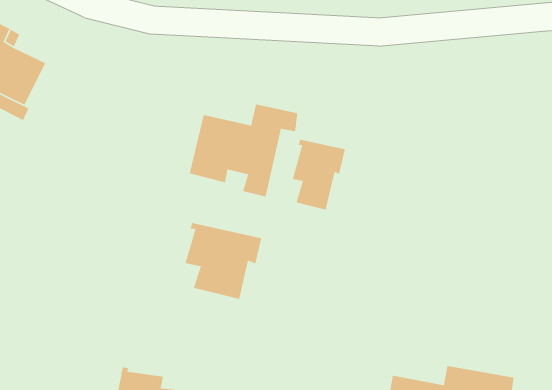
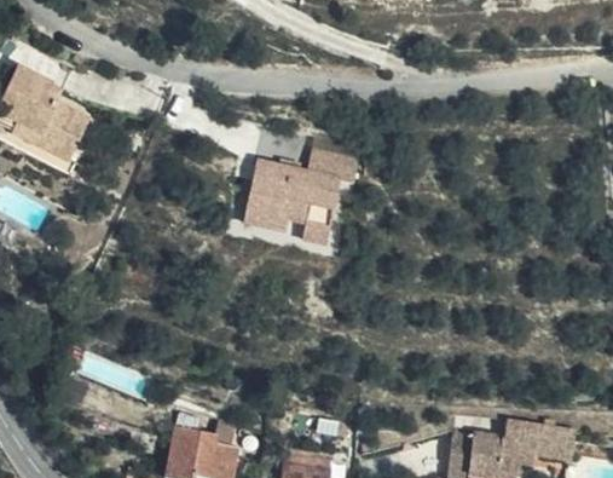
building: [292,139,346,211] -> none
building: [185,222,262,300] -> none

